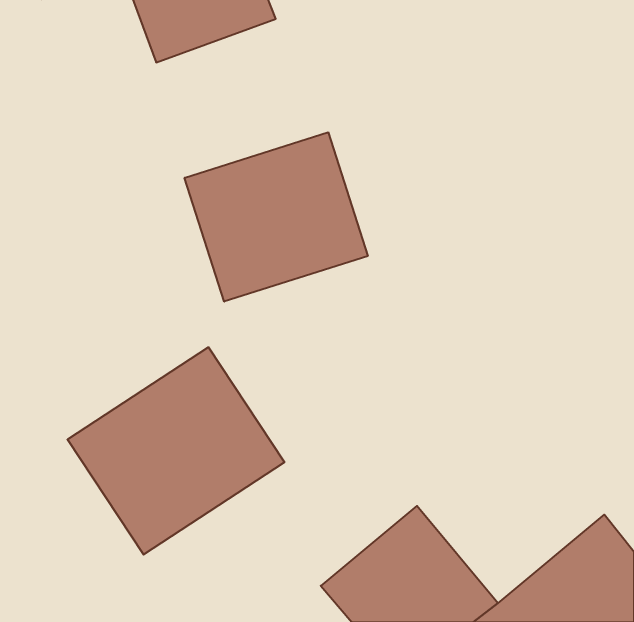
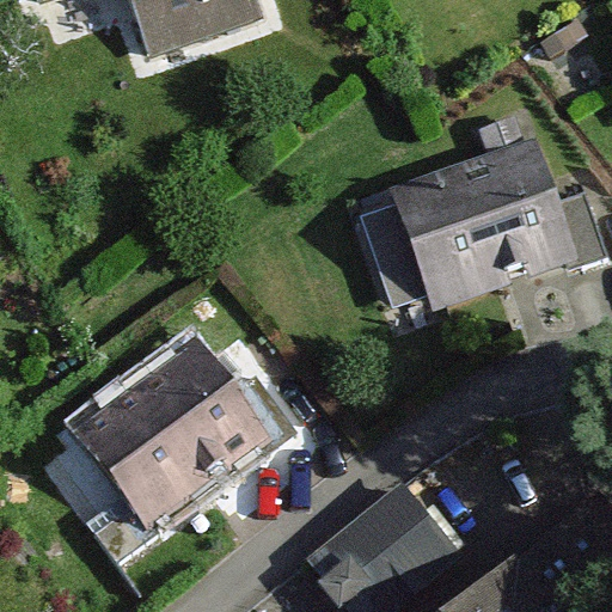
building: [185,132,368,302] -> none
building: none -> [391,137,568,307]

